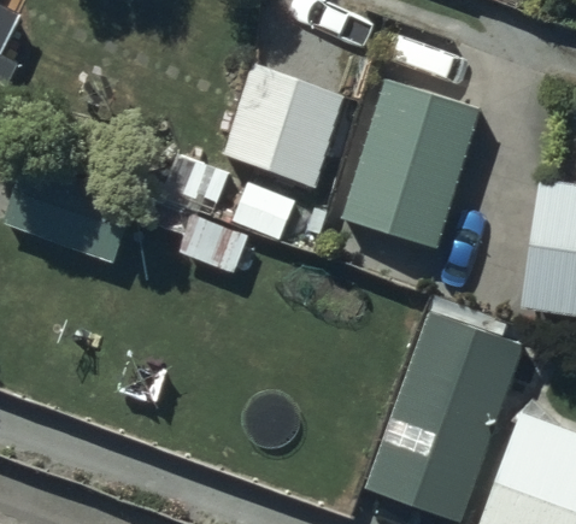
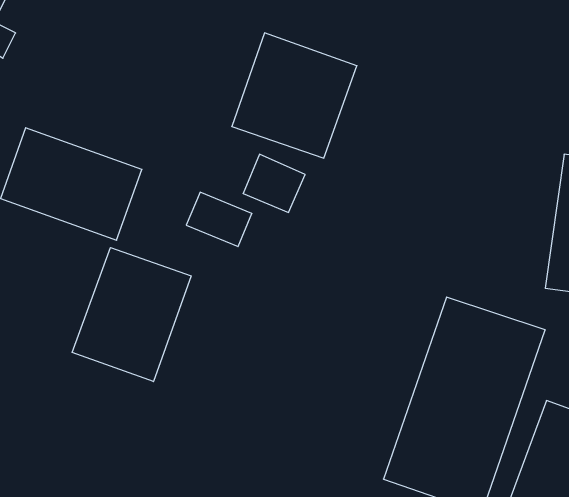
building: [339,80,478,246] -> none
building: none -> [72,248,191,382]

